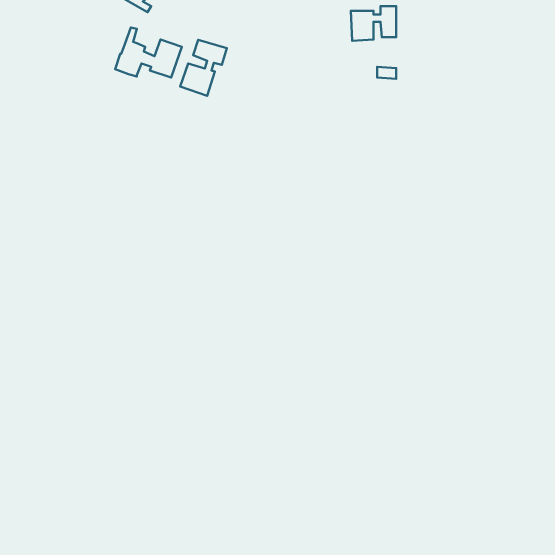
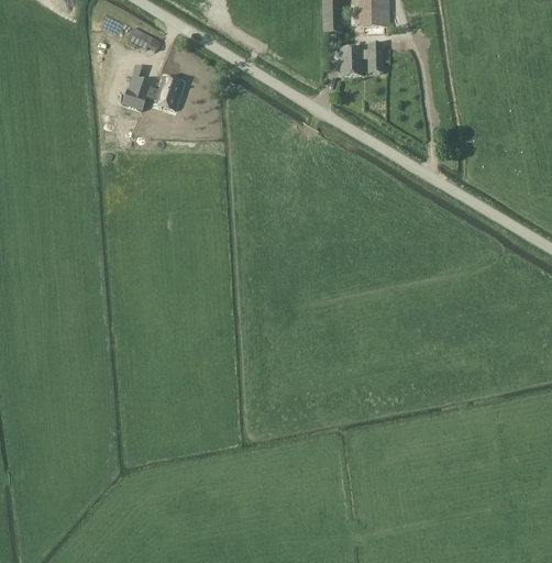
building: [180,40,227,96] -> none

